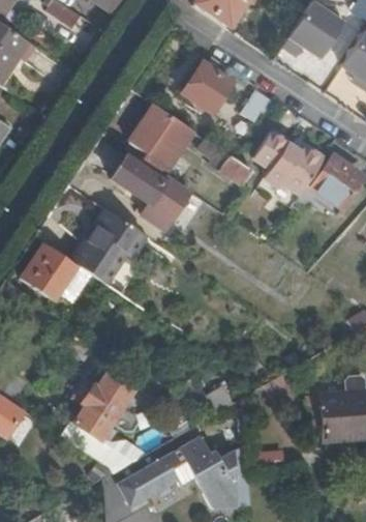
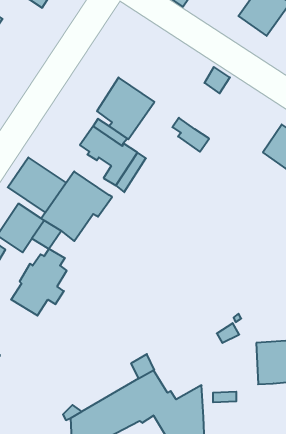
building: [183,56,235,113] -> none
building: [251,128,327,197] -> none
building: none -> [8,157,66,213]
building: [73,367,134,440] -> [11,249,67,316]

